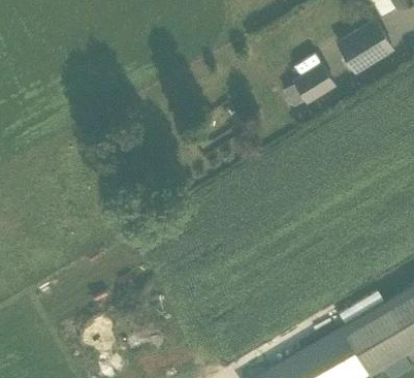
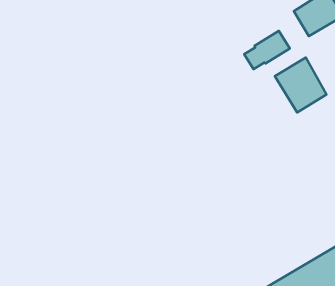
building: none -> [275,57,327,113]

